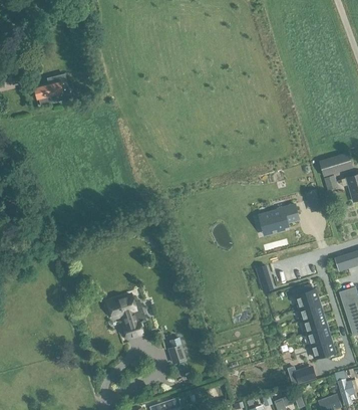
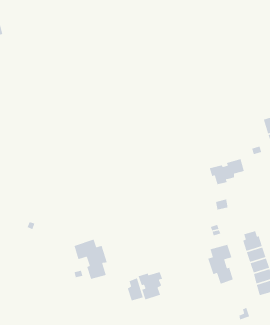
building: [34,79,62,106] -> none
building: none -> [207,244,234,285]
building: none -> [137,271,163,301]

